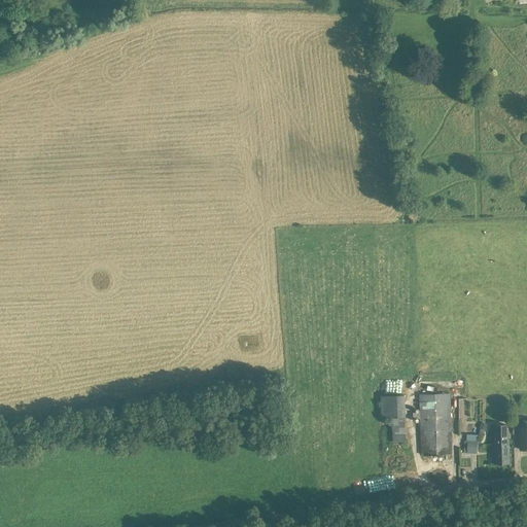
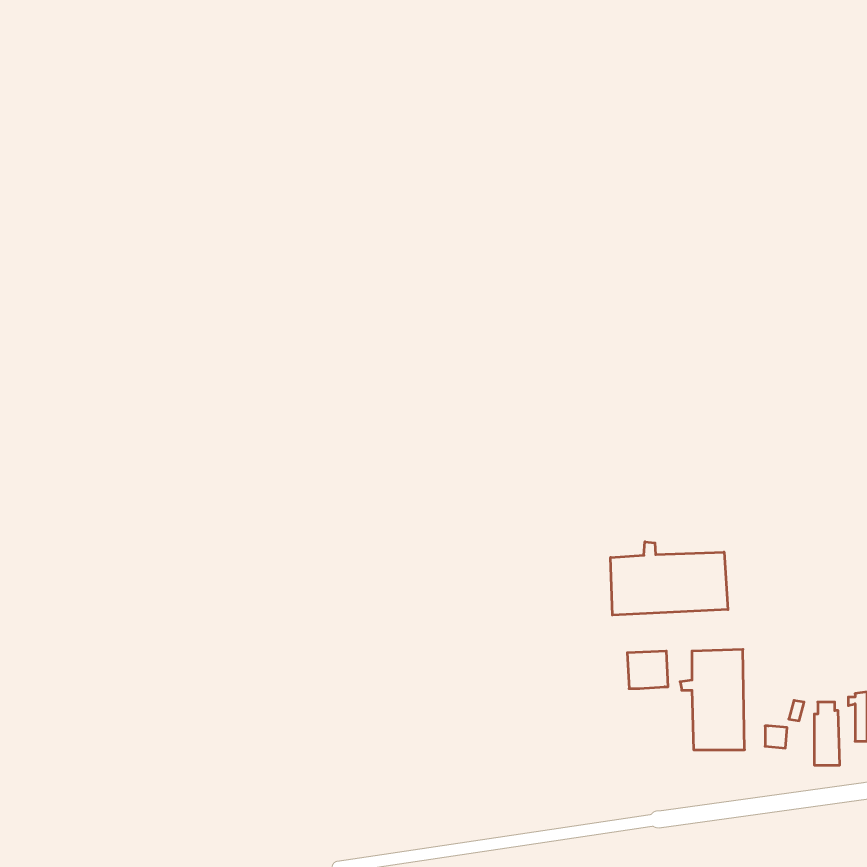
building: none -> [611,542,728,615]

